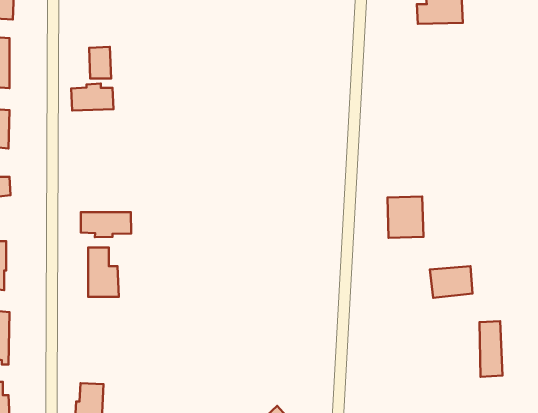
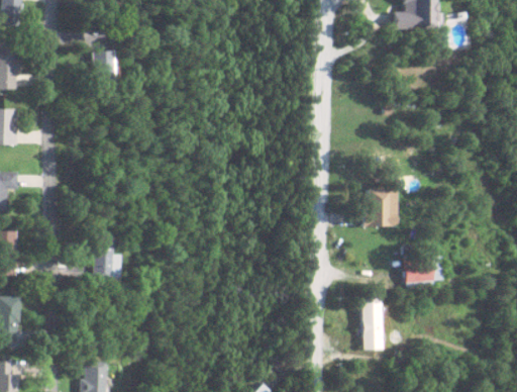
building: [71,84,113,111] -> none
building: [81,212,131,237] -> none
building: [479,321,502,377] -> [364,298,385,350]

